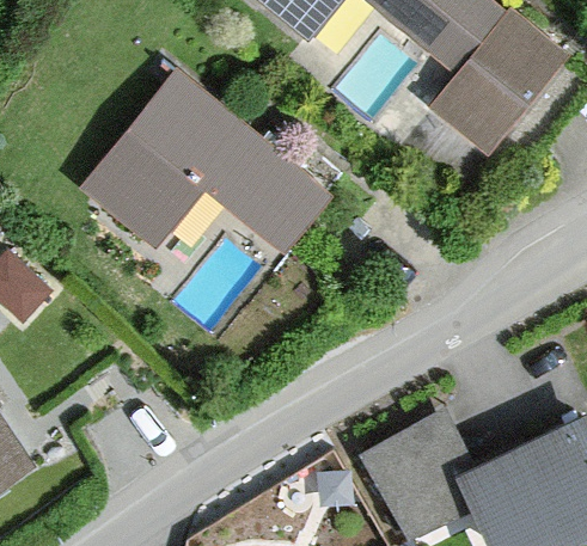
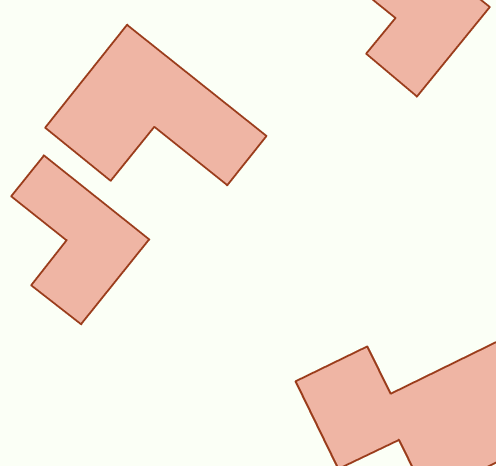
building: none -> [11,155,149,324]

